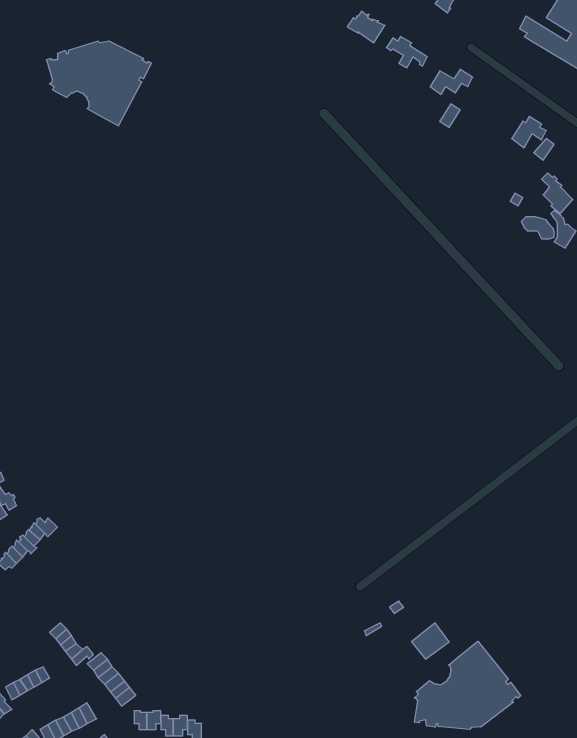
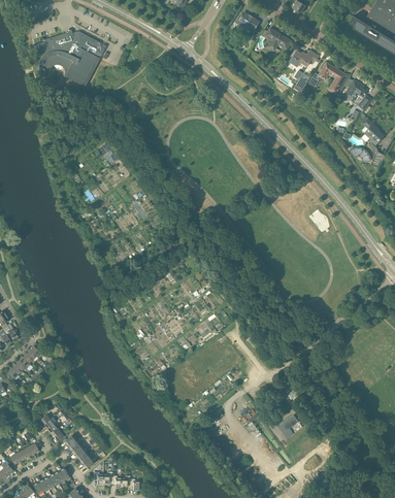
building: none -> [308,62,347,93]
building: [414,641,521,729] -> none

